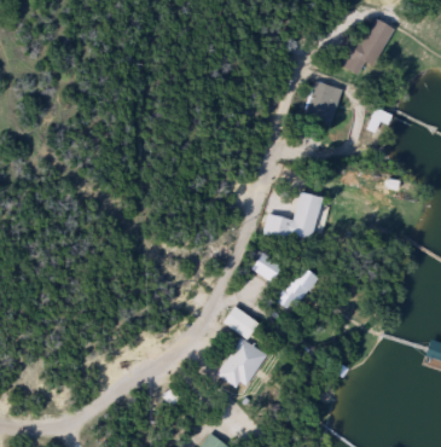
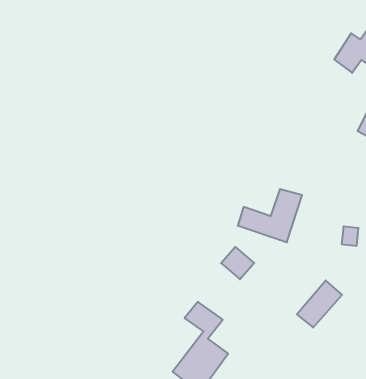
building: [302,80,344,128] -> none
building: [279,266,320,312] -> [297,280,342,328]

